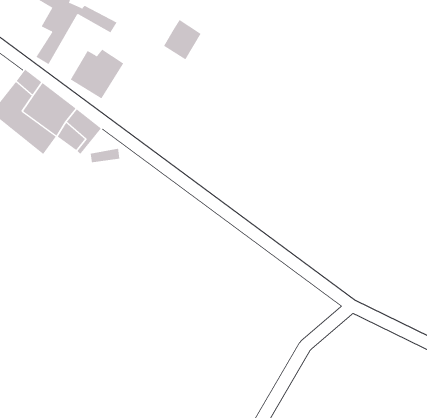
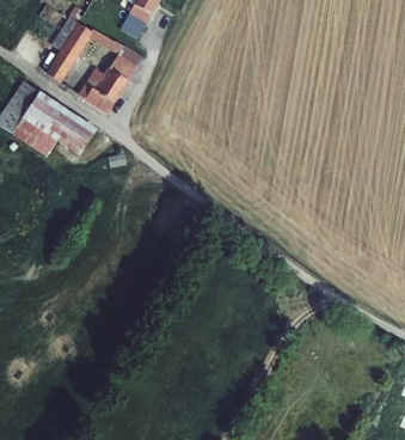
building: [163,19,202,60] -> [106,43,141,80]

